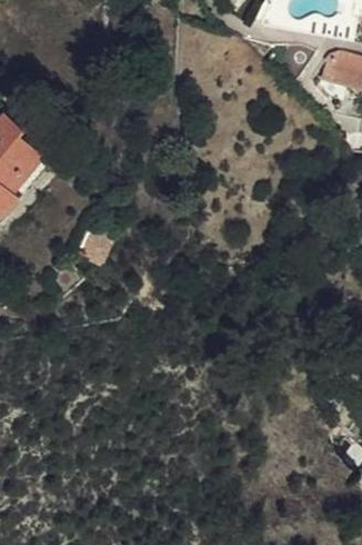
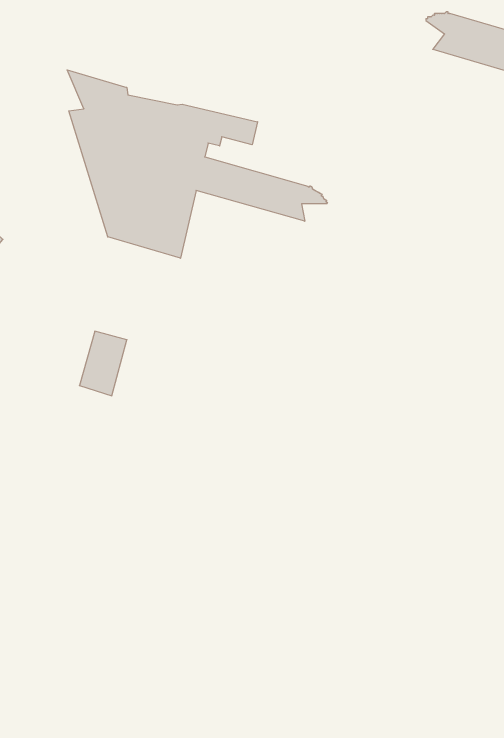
building: none -> [67,70,327,258]

